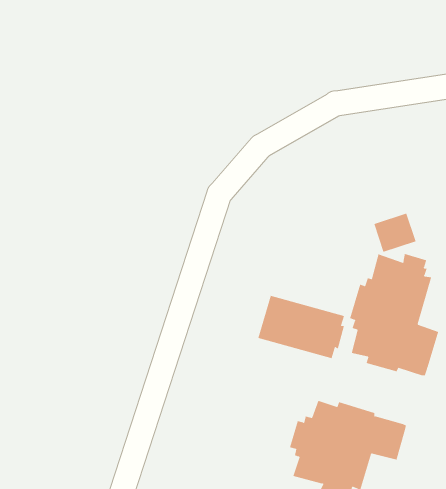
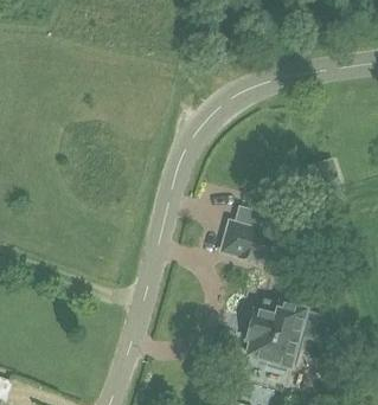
building: [349,253,439,376] -> none

